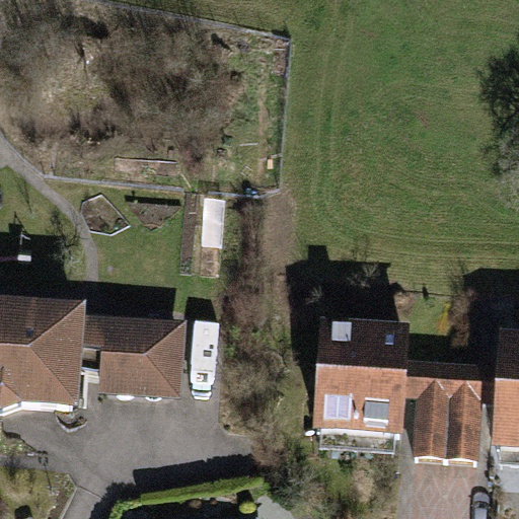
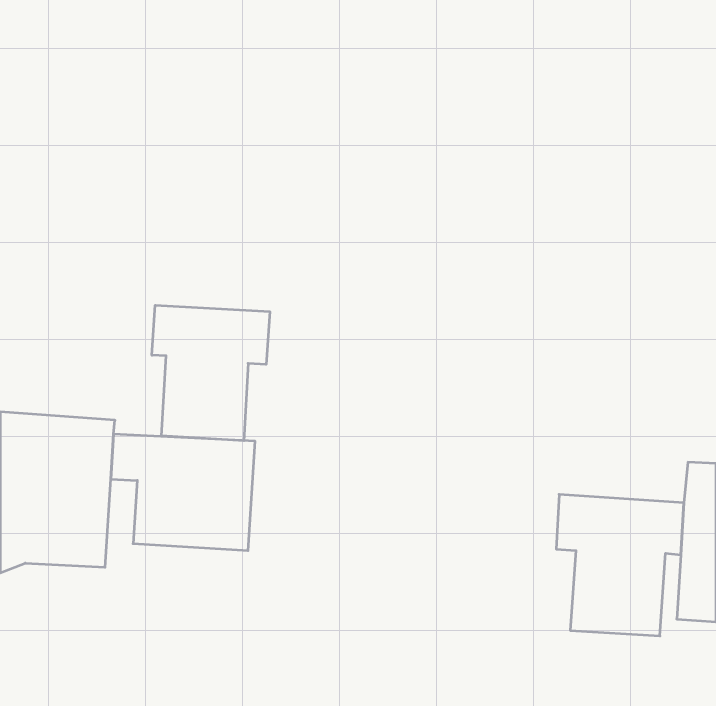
building: none -> [152,305,270,441]
building: [312,322,405,436] -> none

